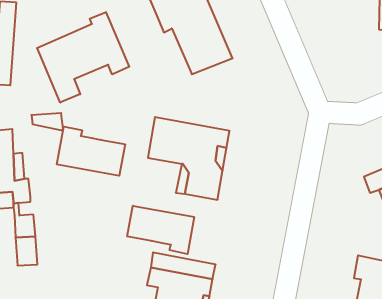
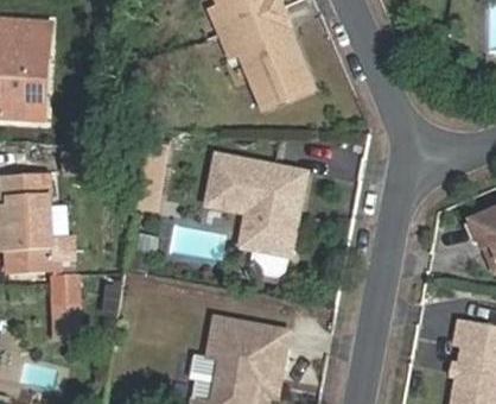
building: [37,12,129,103] -> none
building: [57,126,125,176] -> none
building: [127,206,194,254] -> none

